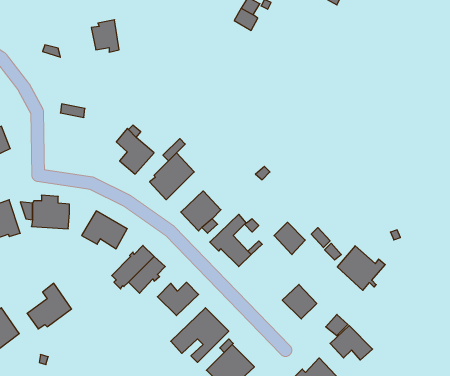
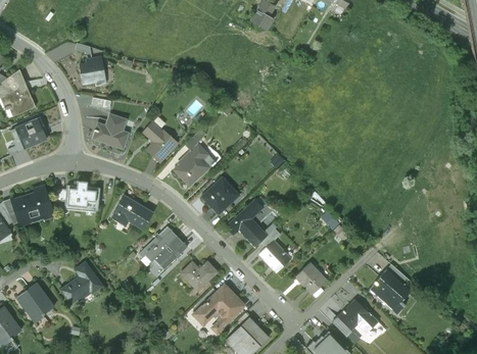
building: [91,20,119,52] -> [79,55,104,85]
building: none -> [92,112,128,148]
building: [274,222,305,255] -> [260,243,289,272]
building: [337,246,385,290] -> [370,269,414,310]

